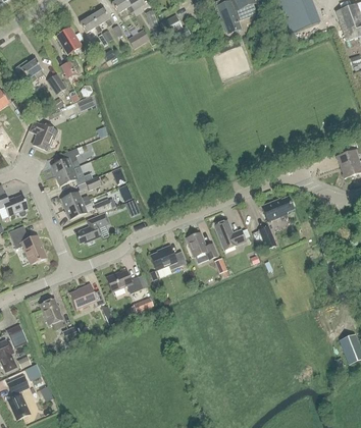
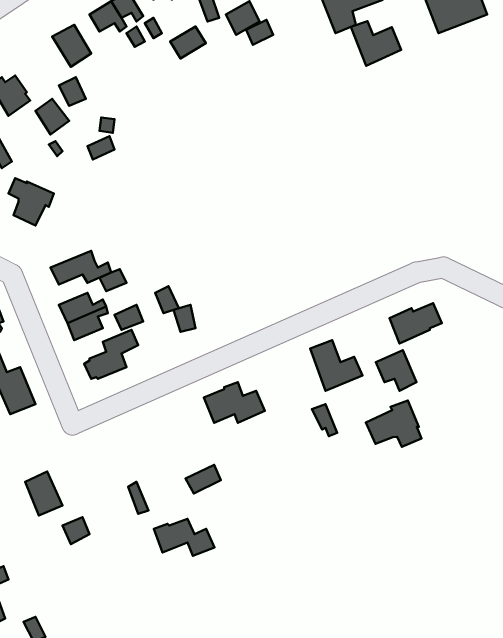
building: none -> [351,21,401,66]
building: [52,147,81,174] -> none
building: [185,230,218,259] -> none
building: none -> [366,400,422,447]
building: [107,269,144,291] -> [154,519,215,556]
building: [70,282,105,308] -> none

